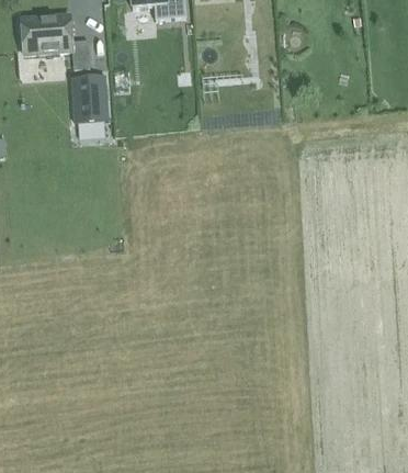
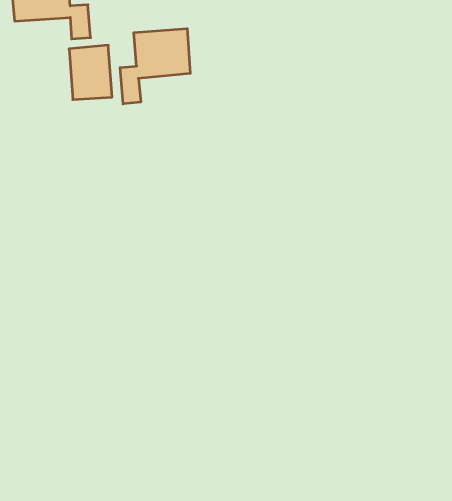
building: none -> [120,29,190,104]

